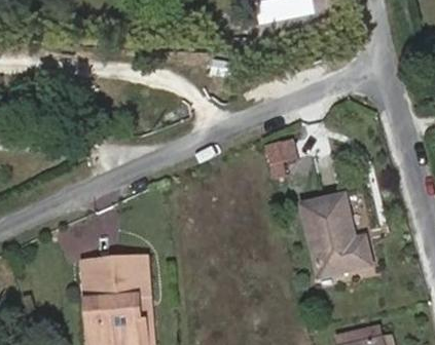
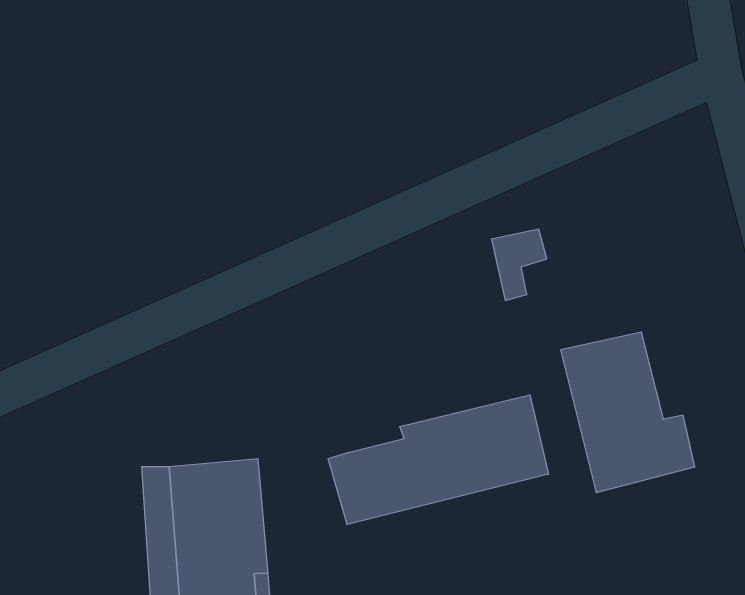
building: none -> [328,395,549,525]

